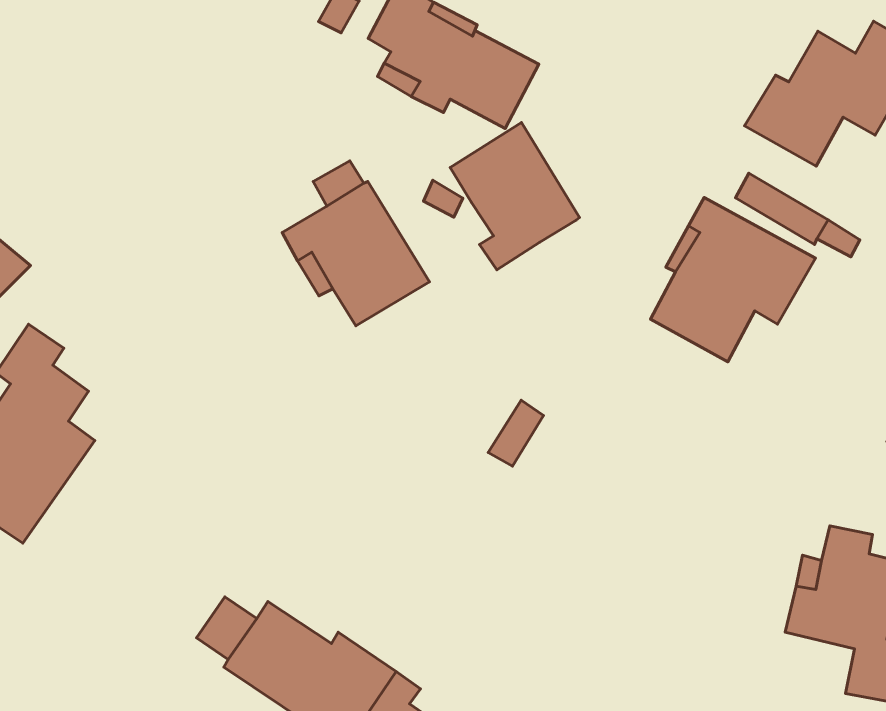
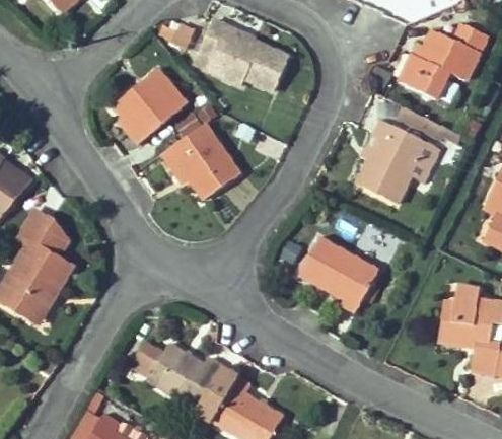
building: none -> [113,67,188,143]
building: [450,123,580,270] -> none
building: none -> [298,235,378,311]

